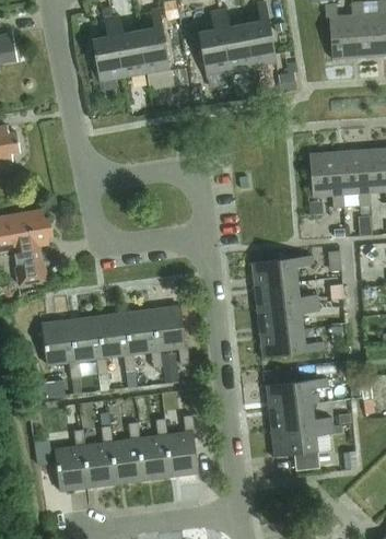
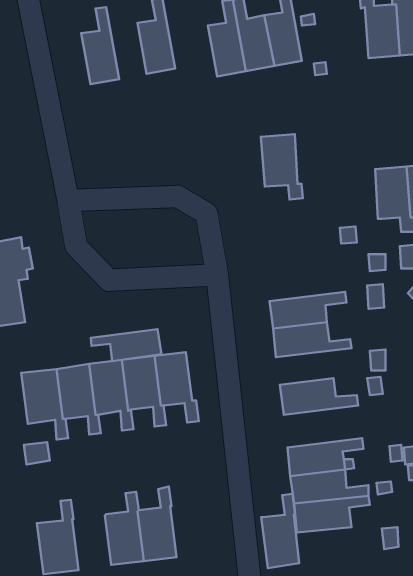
building: [113,15,147,77] -> none
building: [309,152,344,207] -> [261,134,303,200]
building: none -> [91,329,161,361]
building: [255,302,319,332] -> none
building: [166,414,198,477] -> [261,494,299,568]
building: [84,425,117,488] -> none

